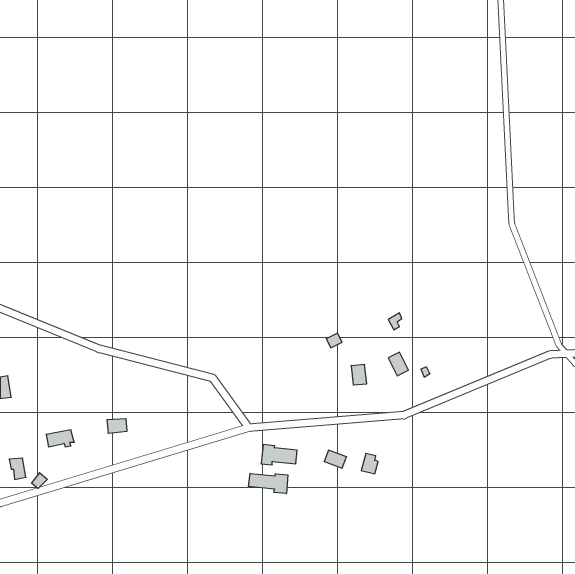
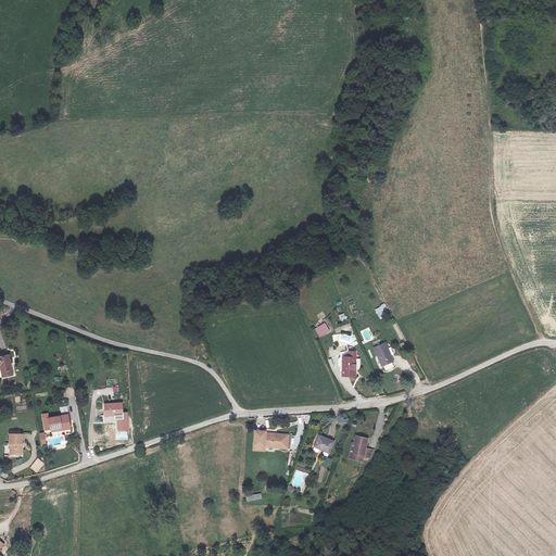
building: [249,473,288,494] -> none

